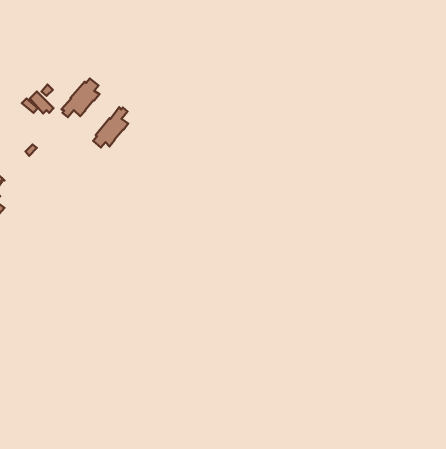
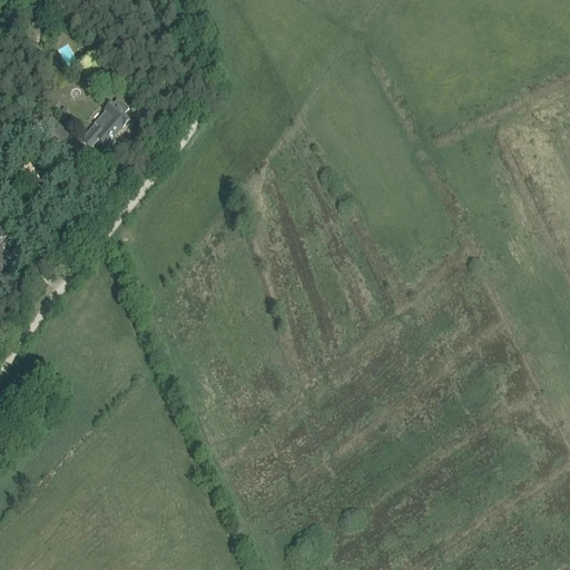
building: [93,107,128,148] -> none

